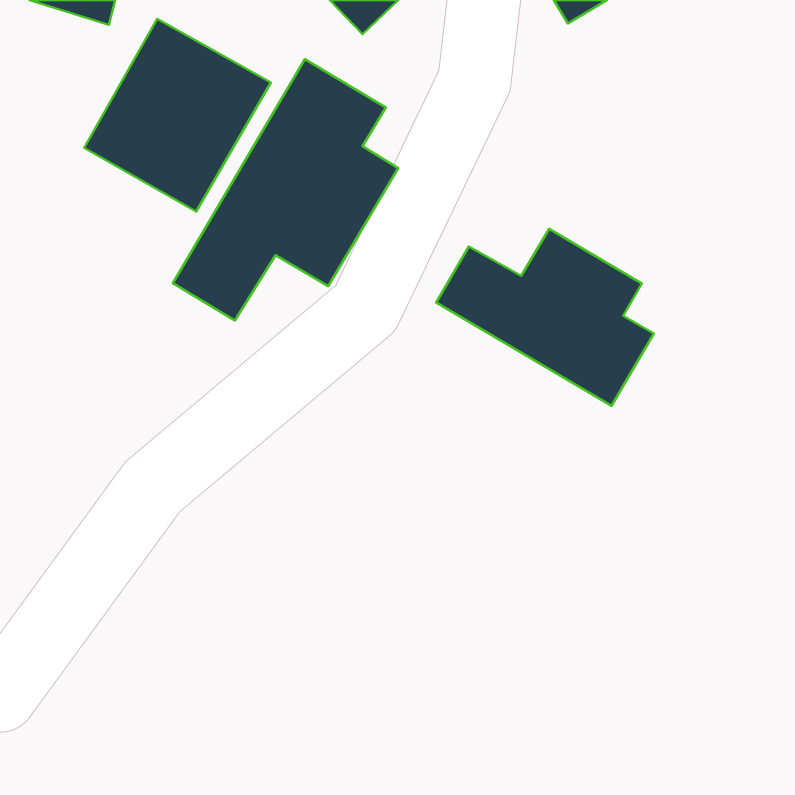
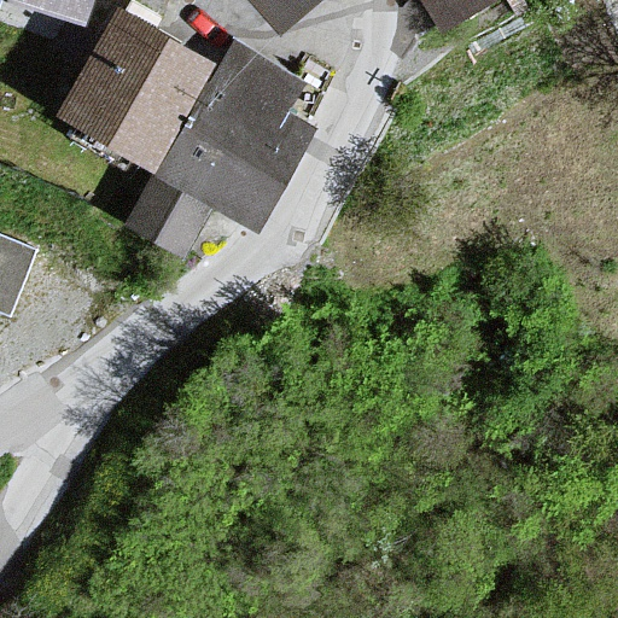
building: [436,229,654,406] -> none

